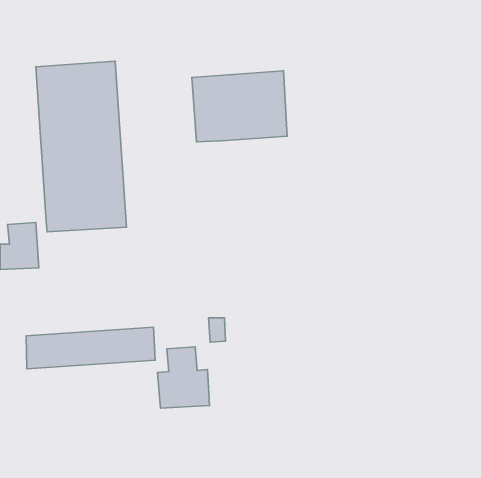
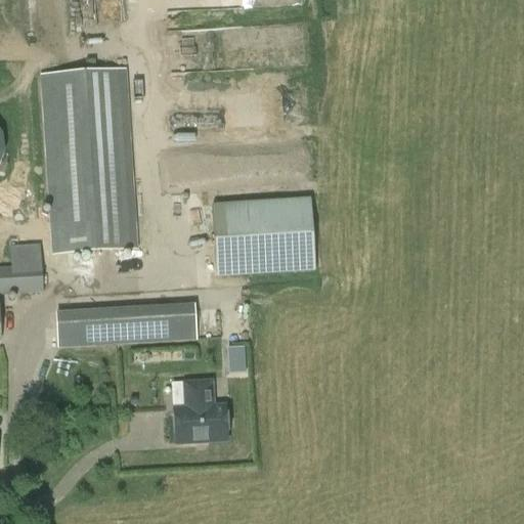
building: [192,71,287,142] -> [213,198,316,274]
building: [26,327,155,369] -> [56,301,196,346]

